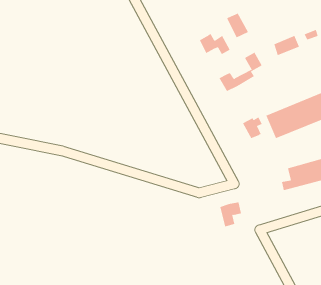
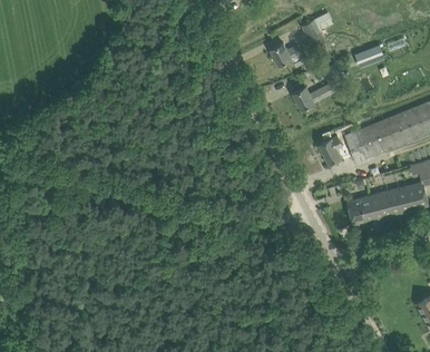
building: [219,202,242,227] -> [348,195,373,224]

